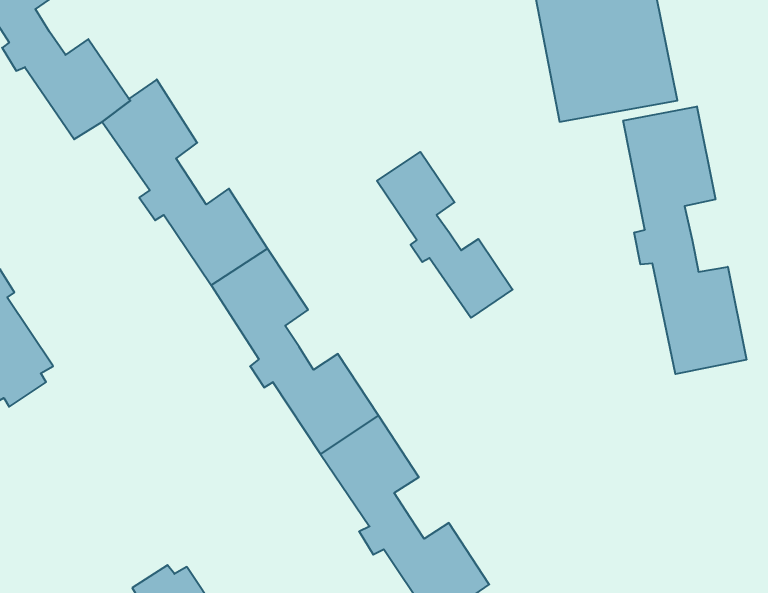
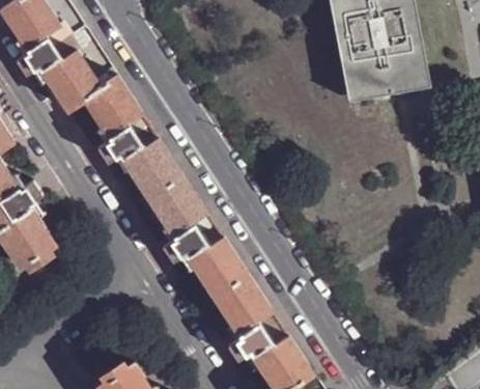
building: [623,106,746,374] -> none
building: [377,152,513,318] -> none

